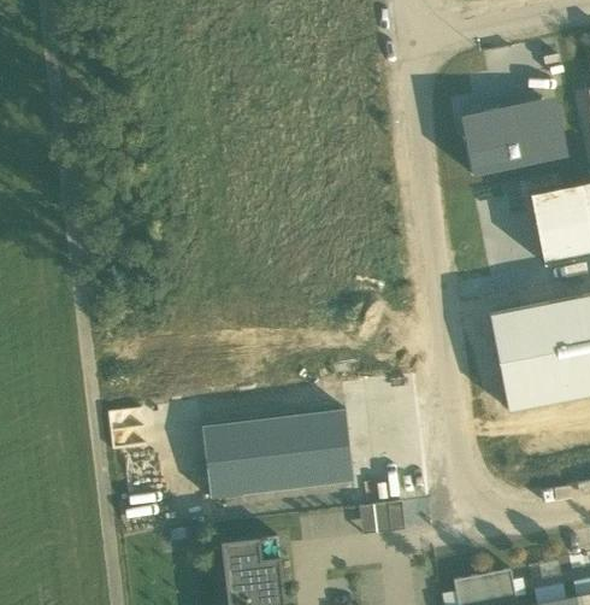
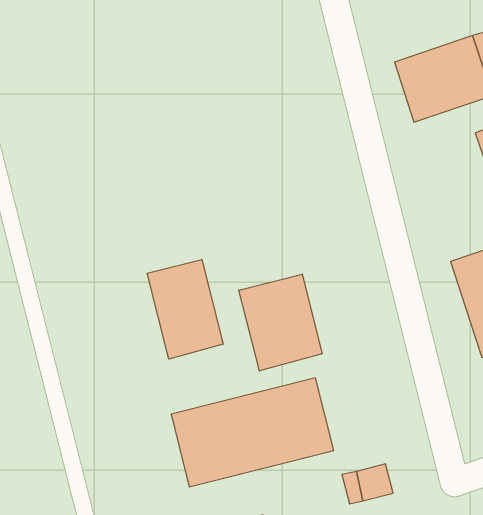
building: none -> [147,259,223,359]
building: none -> [239,274,322,371]

